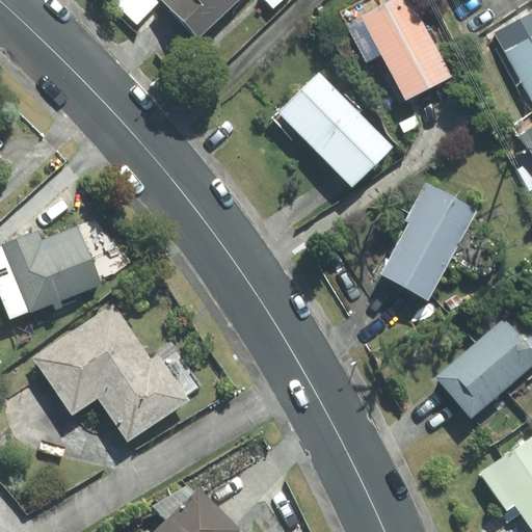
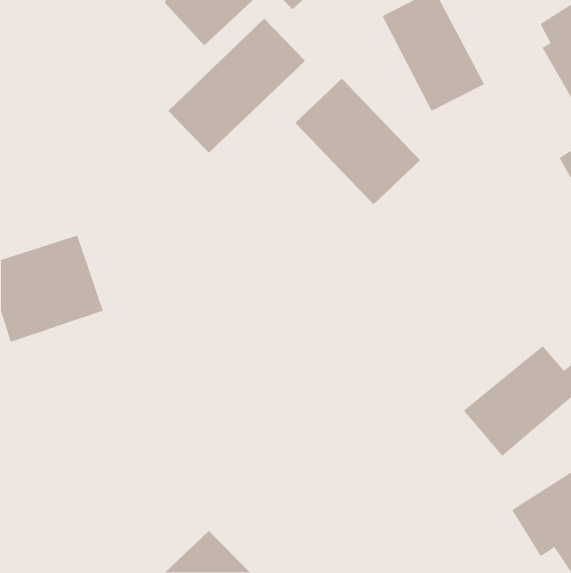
building: none -> [167,18,306,154]
building: [377,181,479,303] -> none
building: [32,303,190,444] -> none

